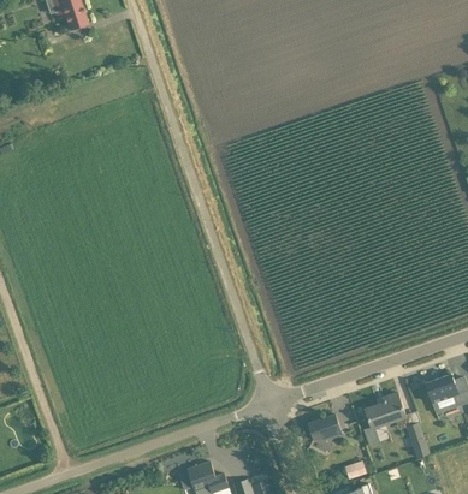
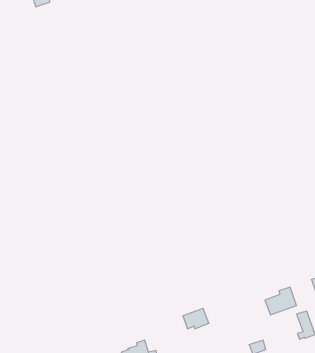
building: [308,415,342,441] -> [183,308,209,329]

